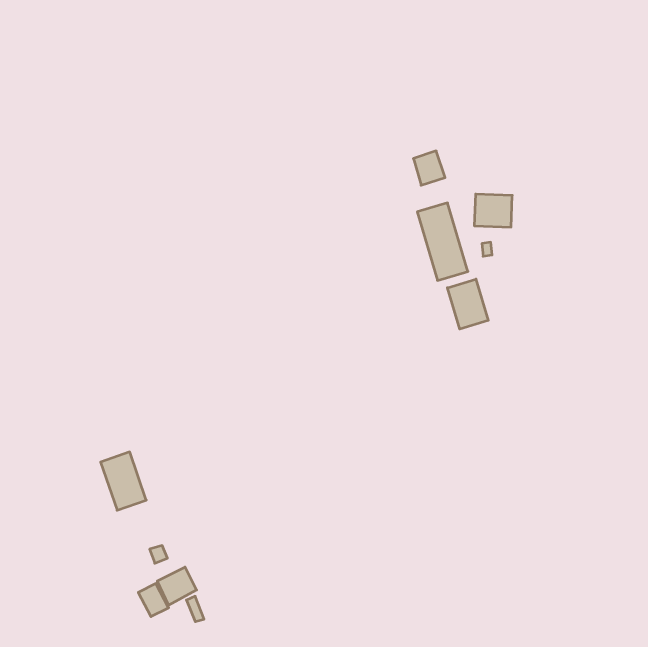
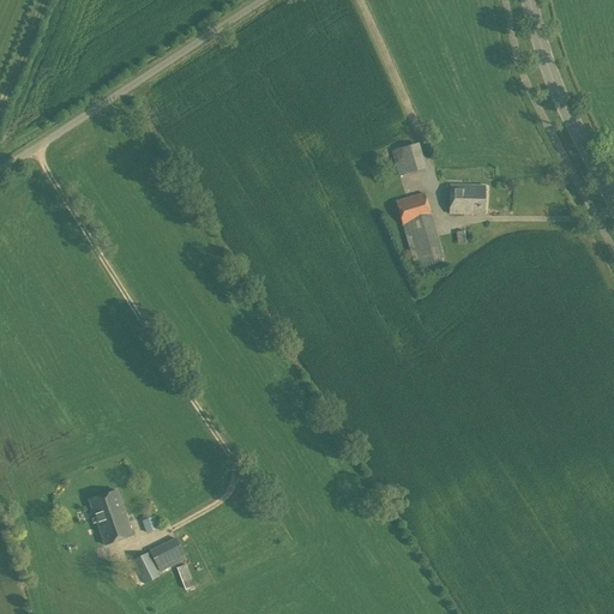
building: [447,279,488,329] -> none
building: [101,452,146,510] -> [89,489,132,544]

